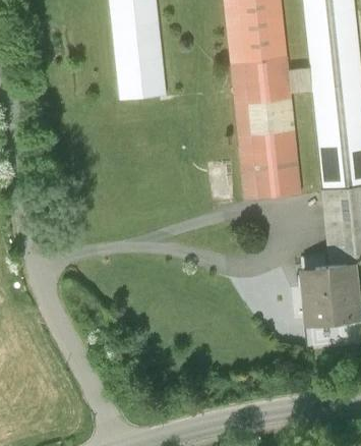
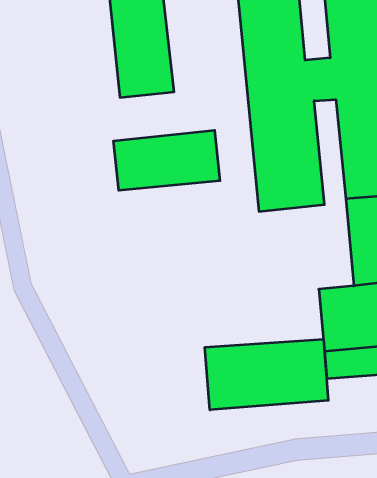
building: none -> [114,130,220,190]
building: none -> [205,339,328,410]

